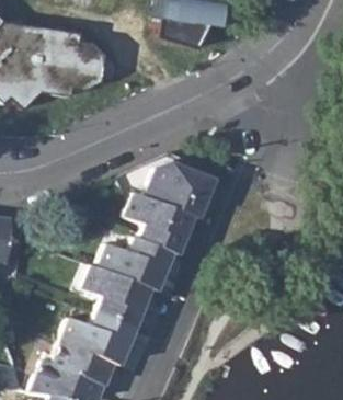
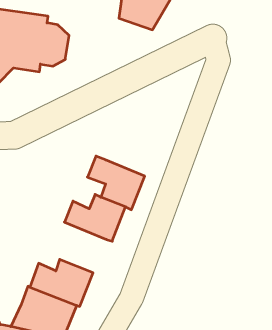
building: [147,161,216,218] -> none
building: [81,265,148,327] -> none

